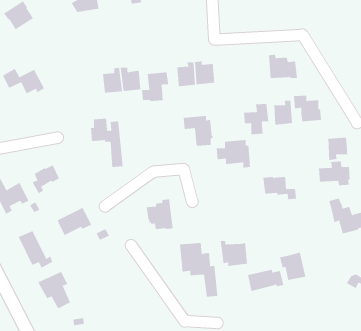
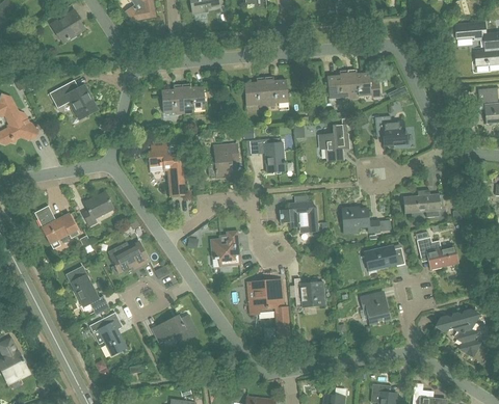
building: [141,72,169,102] -> [207,142,238,176]
building: [274,100,293,125] -> [327,70,349,98]
building: [328,137,348,161] -> none
building: [216,140,251,168] -> [279,199,318,232]
building: [247,269,284,291] -> [364,245,405,270]
building: none -> [151,313,199,342]

